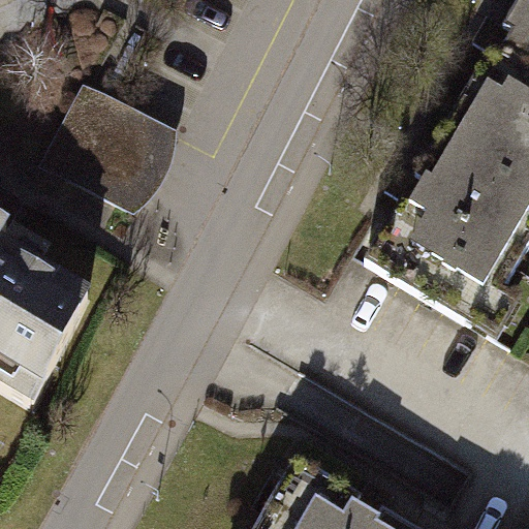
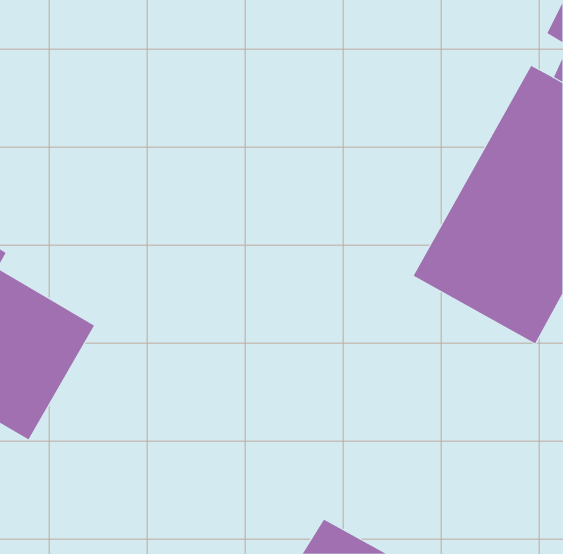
building: [39,80,177,209] -> none

